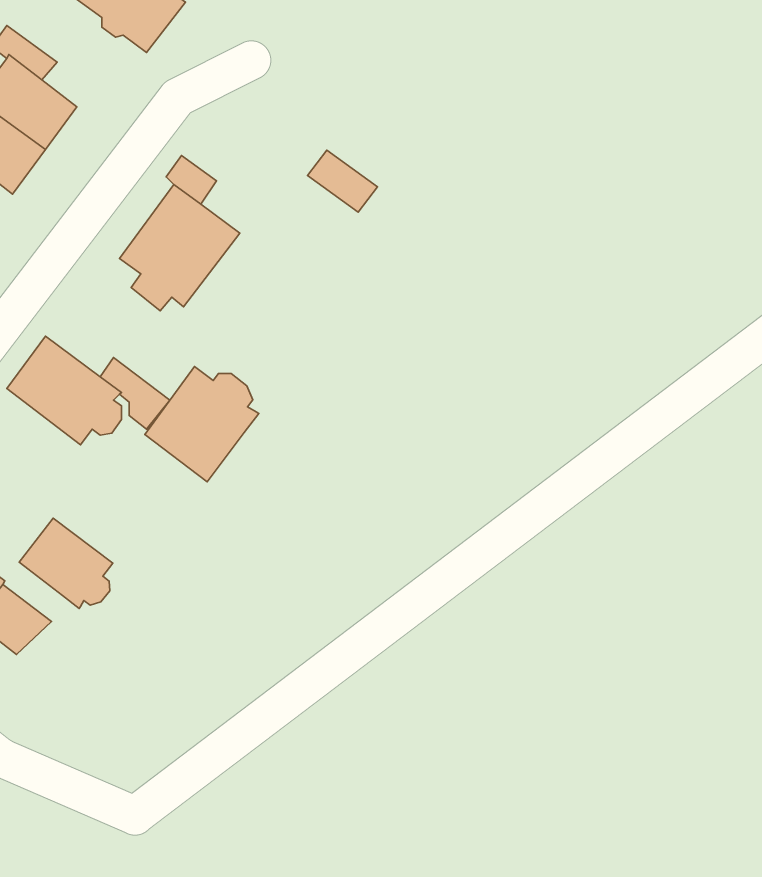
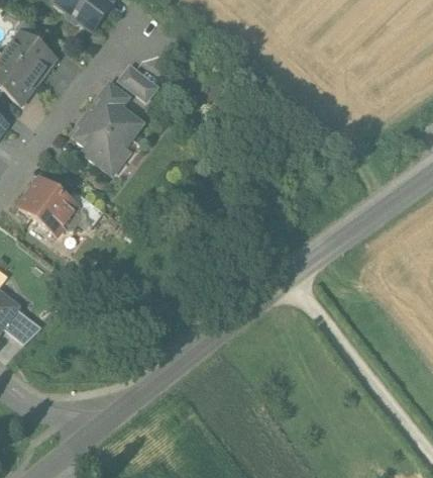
building: [308,150,377,212] -> [119,67,155,99]
building: [145,366,259,482] -> none
building: [19,518,113,609] -> none

